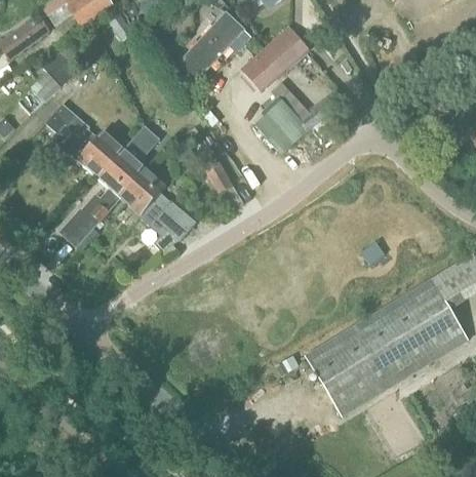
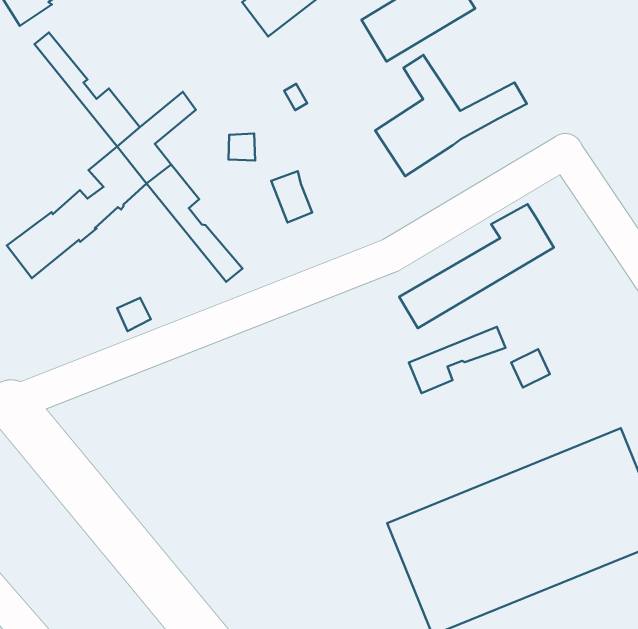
building: [45,112,113,180] -> none
building: none -> [399,204,554,328]
building: [121,182,189,255] -> none
building: none -> [409,327,505,393]

